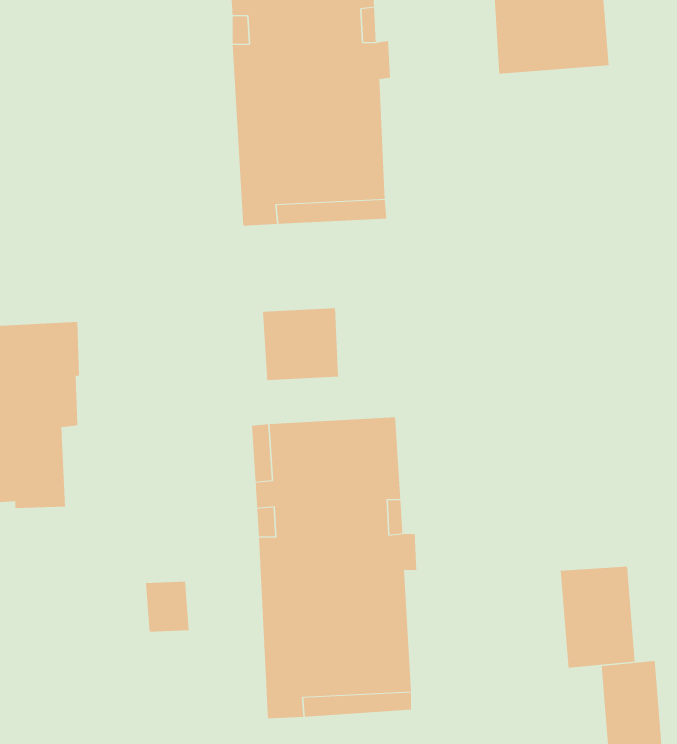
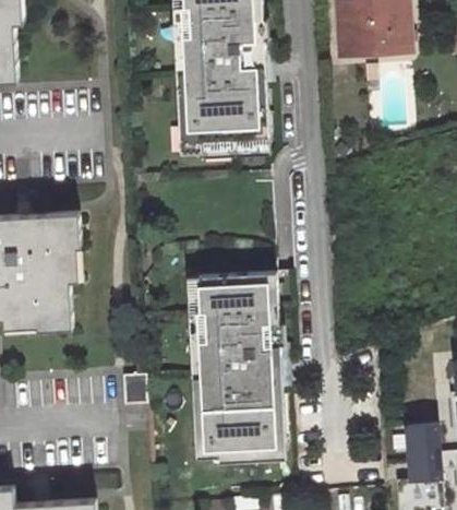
building: [263,307,338,381] -> none
building: [560,566,635,668] -> none

